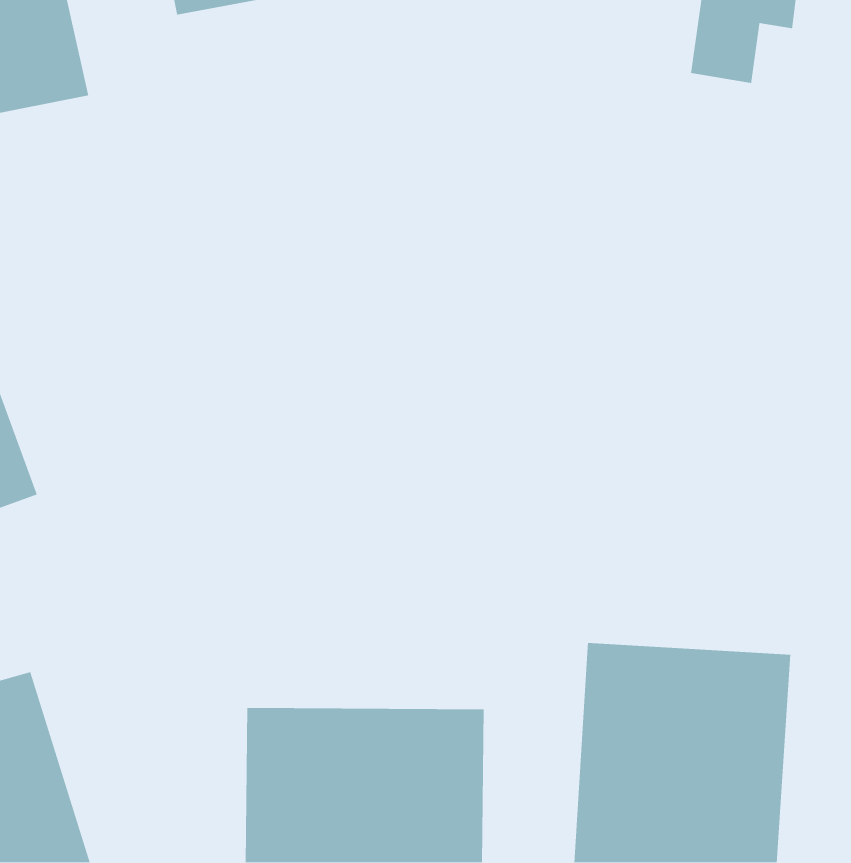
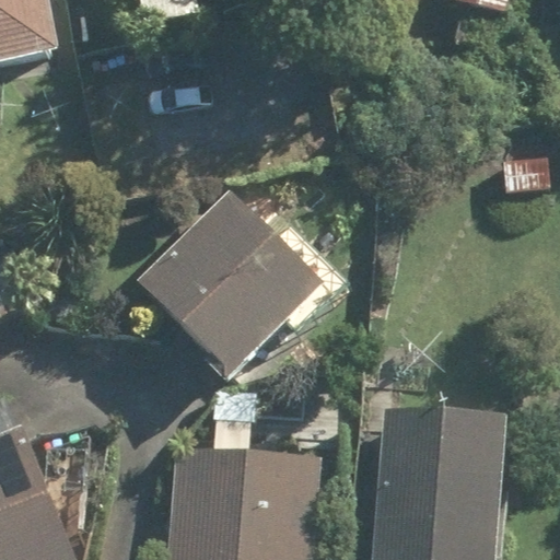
building: none -> [137,192,340,378]

